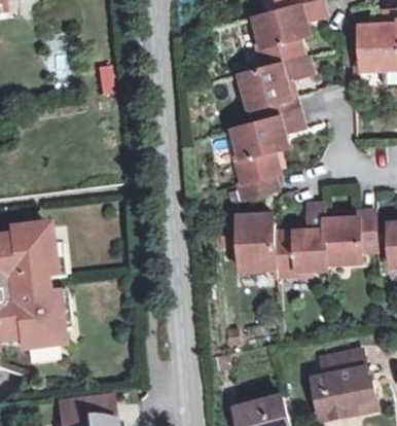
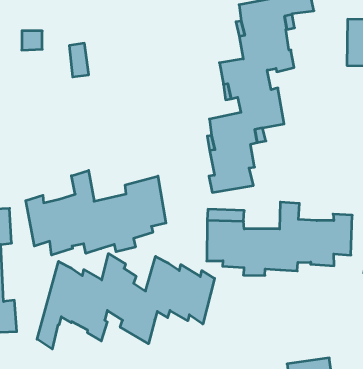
building: none -> [26,170,166,255]
building: none -> [37,254,215,349]

